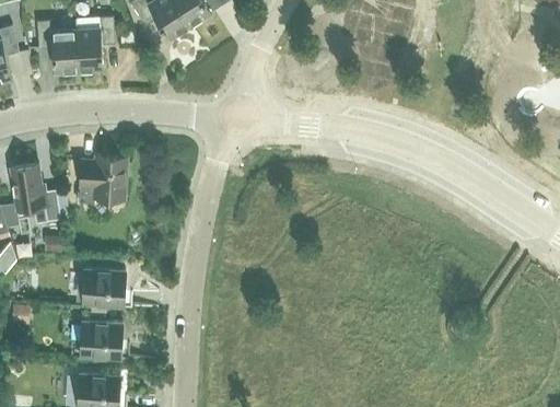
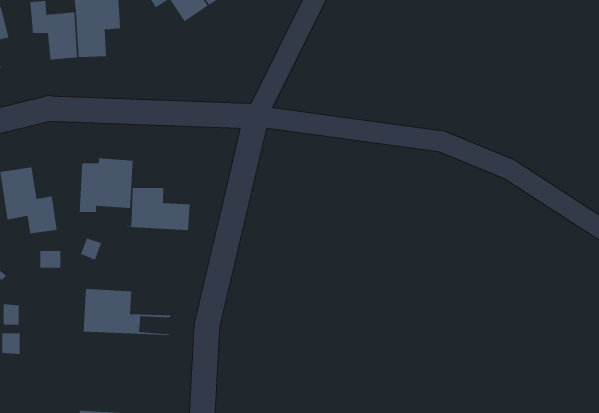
building: none -> [126,187,190,231]
building: [80,322,155,362] -> none

